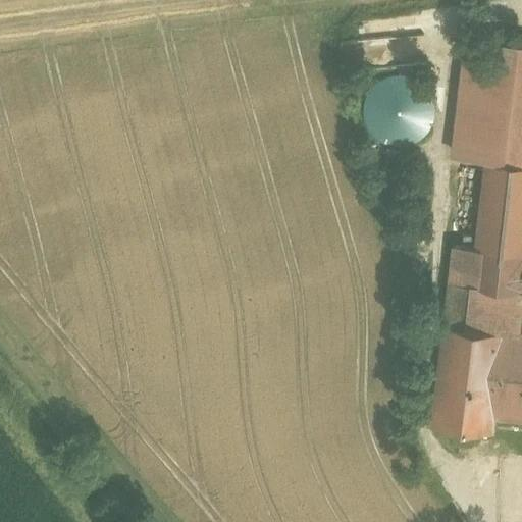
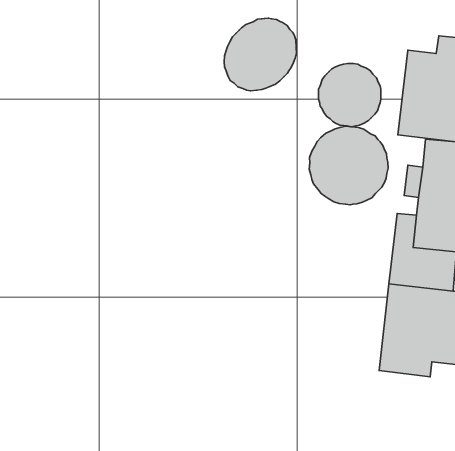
building: none -> [224,18,297,91]
building: none -> [309,126,388,205]

